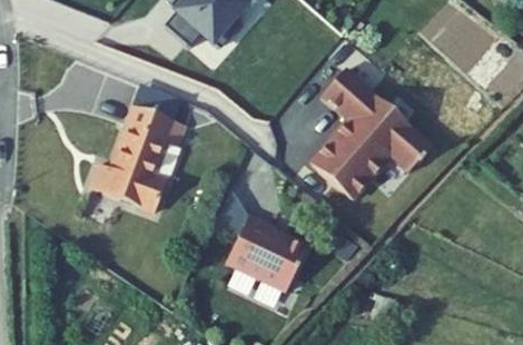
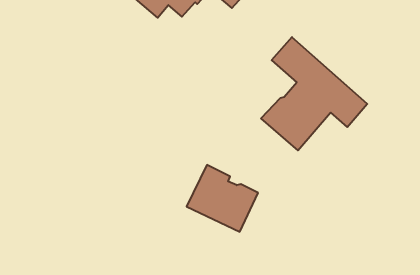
building: [89,104,186,211] -> none

